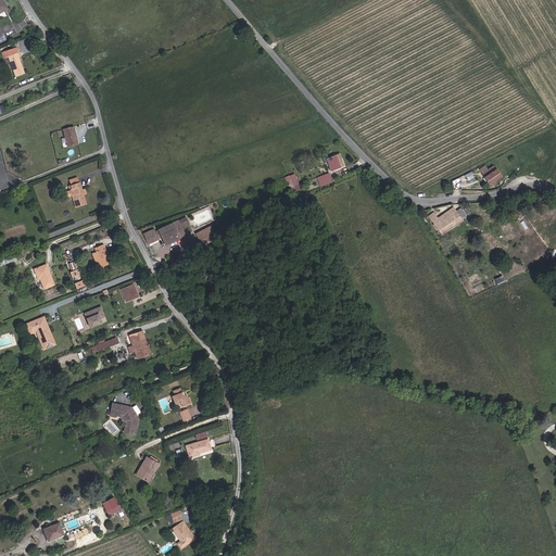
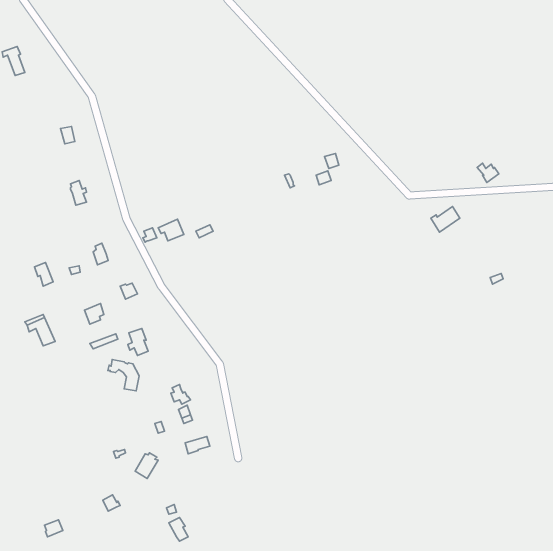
building: [108,403,139,434] -> [108,360,139,391]

